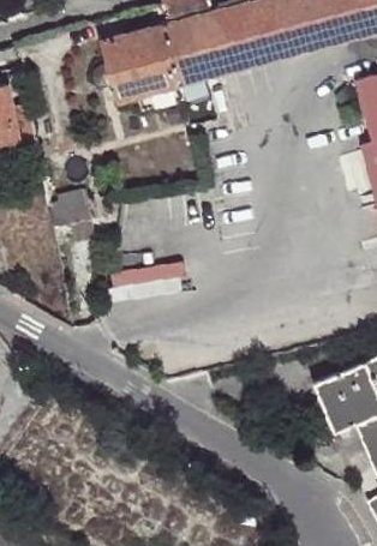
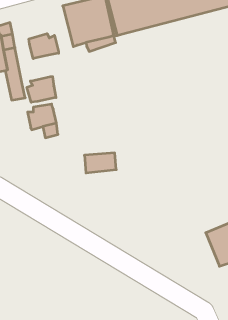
building: none -> [29,34,59,59]
building: none -> [27,77,56,102]

